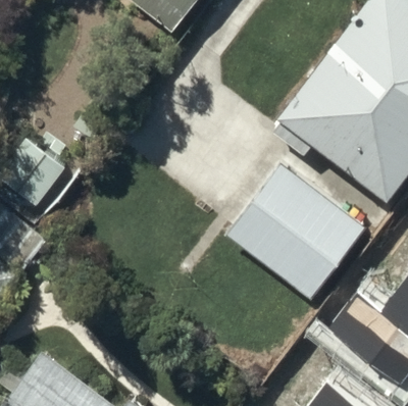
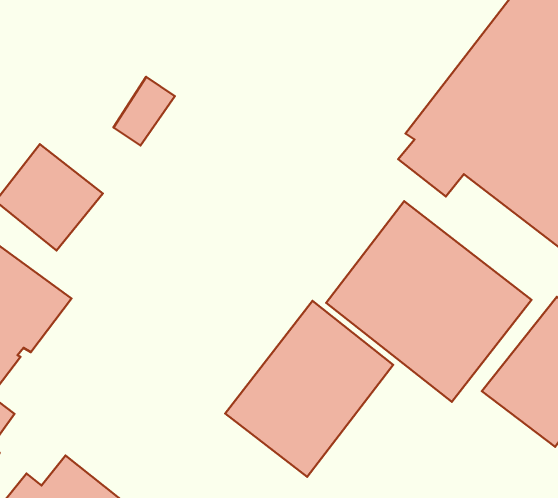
building: none -> [225,301,393,477]

